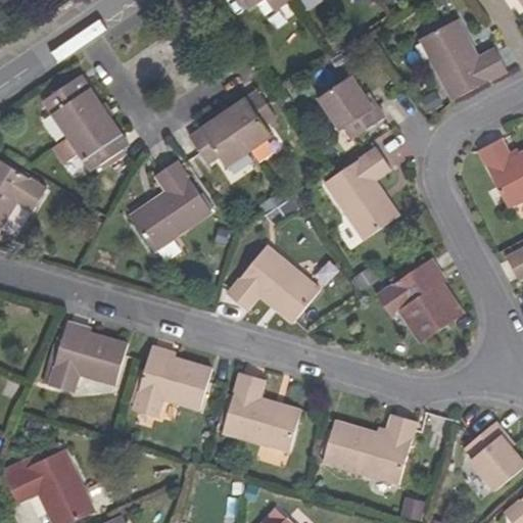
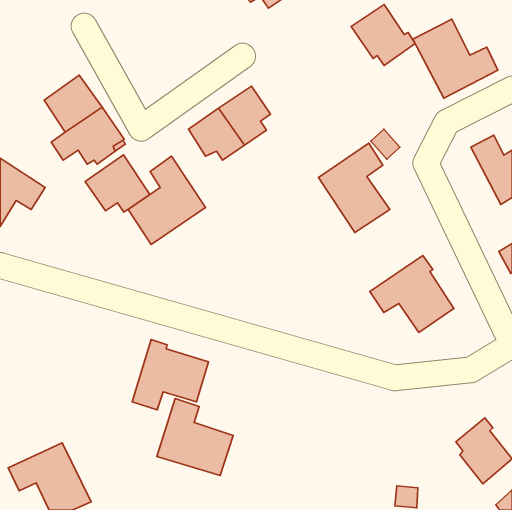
building: [317,76,382,138] -> [351,4,415,66]
building: none -> [85,155,150,212]
building: [227,246,318,323] -> none
building: [49,322,130,393] -> none
building: [224,372,301,450] -> [157,398,233,476]
building: [324,415,415,484] -> none

